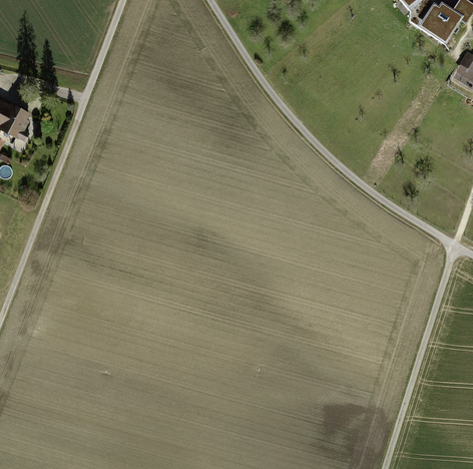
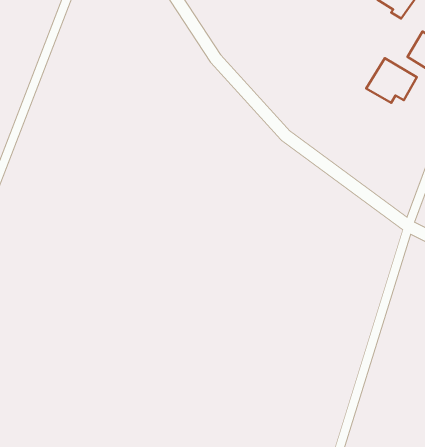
building: none -> [366,58,417,103]

